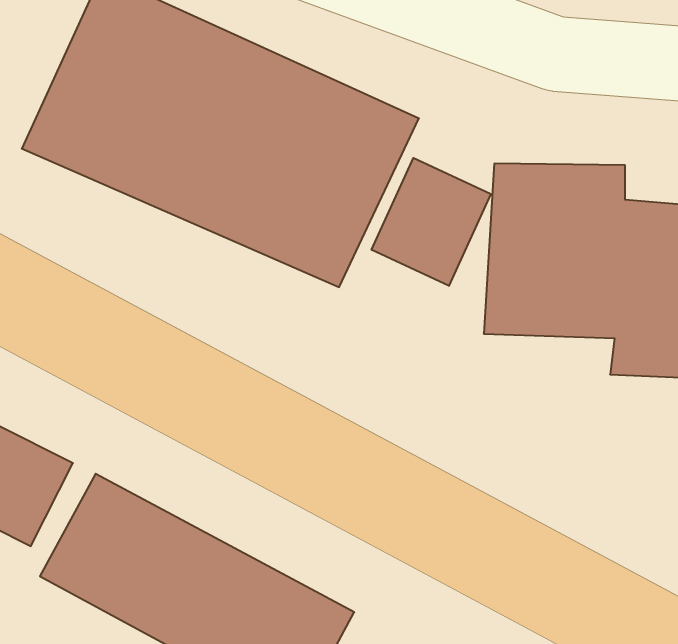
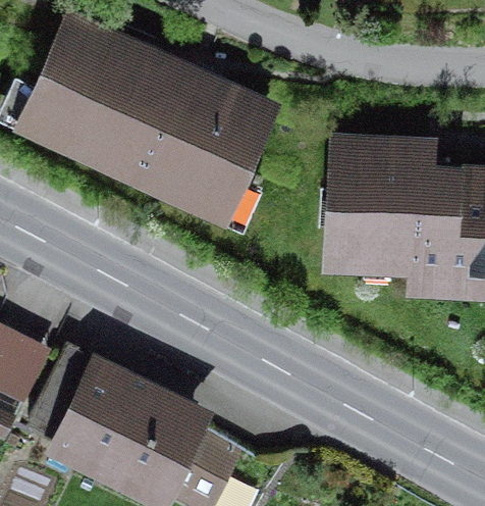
building: [372,158,491,286] -> none

